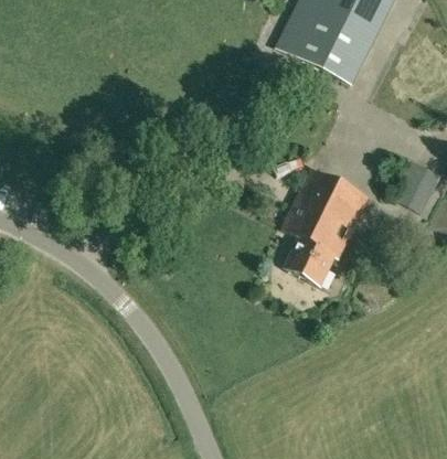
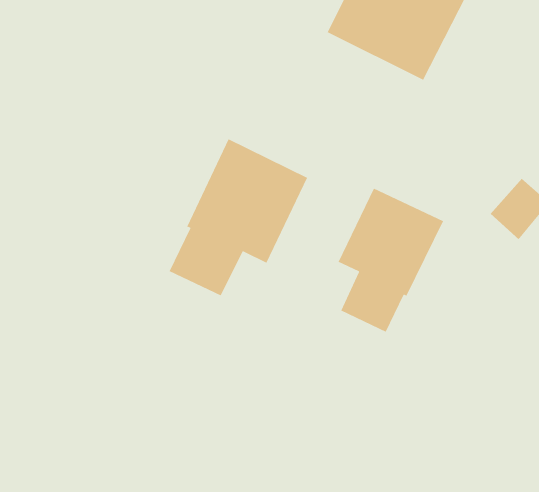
building: none -> [169,138,308,296]

